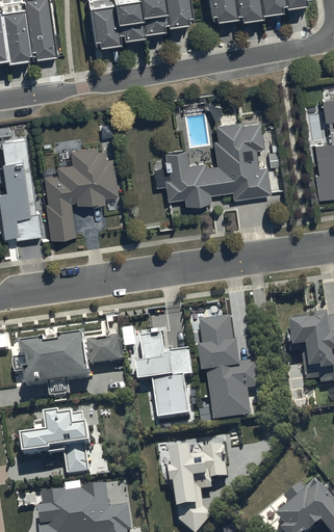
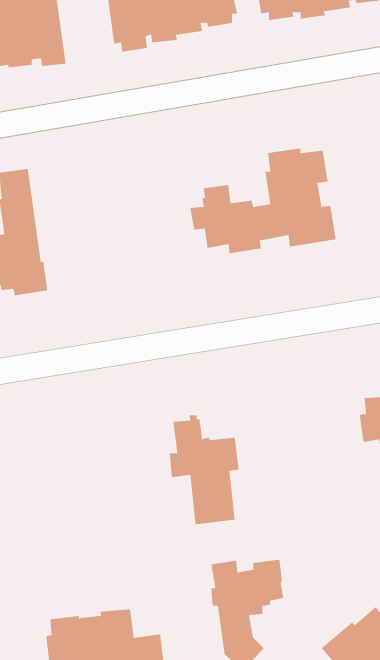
building: [44,145,119,239] -> none
building: [200,317,261,421] -> none
building: [14,336,125,399] -> none
building: [23,411,92,476] -> none

